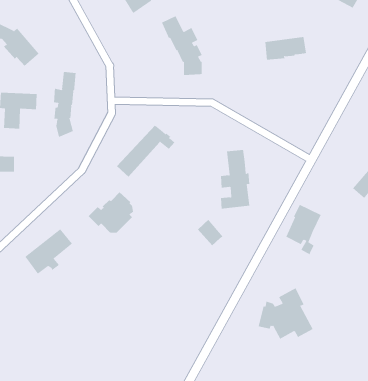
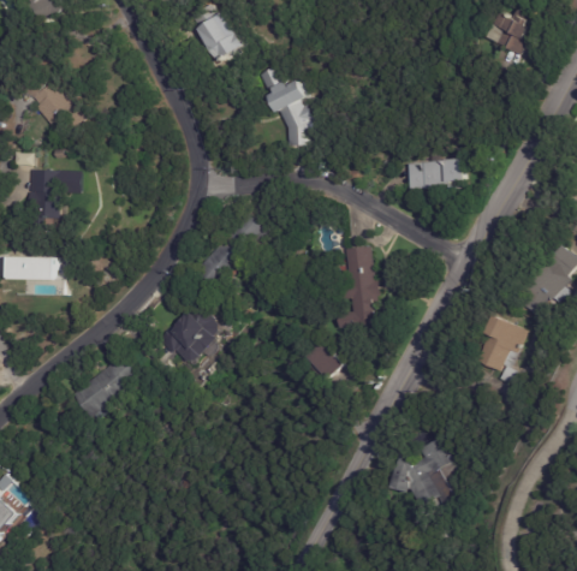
building: [264,36,307,60] -> [406,156,464,189]
building: [53,71,76,138] -> none
building: [285,204,321,255] -> [475,315,524,385]

